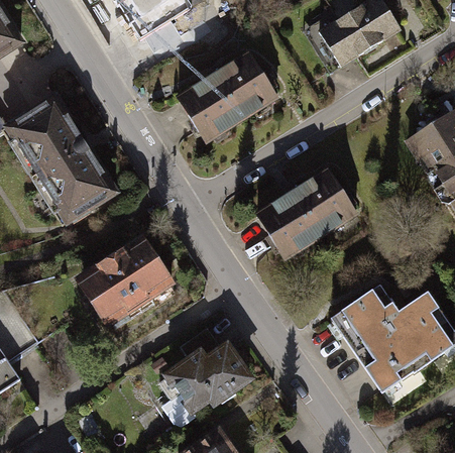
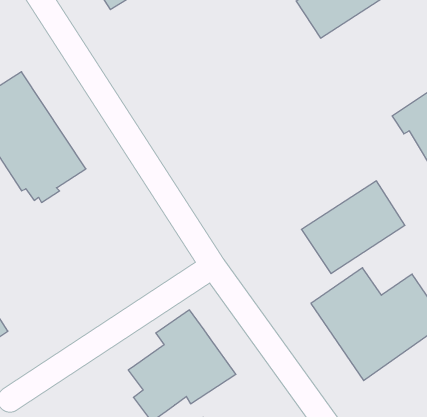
building: [176,51,275,140] -> none
building: [256,168,355,257] -> [301,181,405,274]
building: [80,239,181,333] -> none

